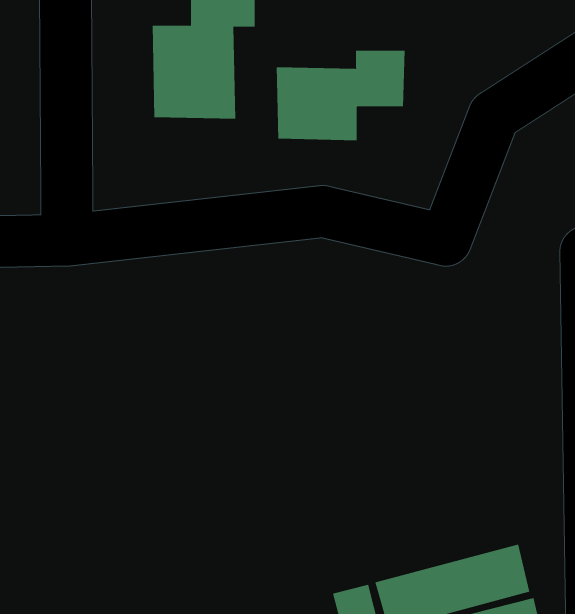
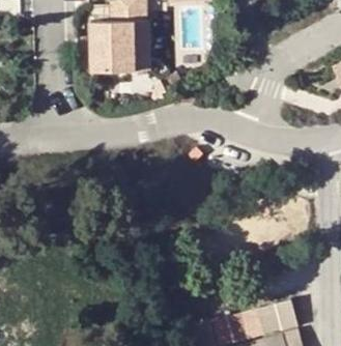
building: [276,50,405,141] -> none

